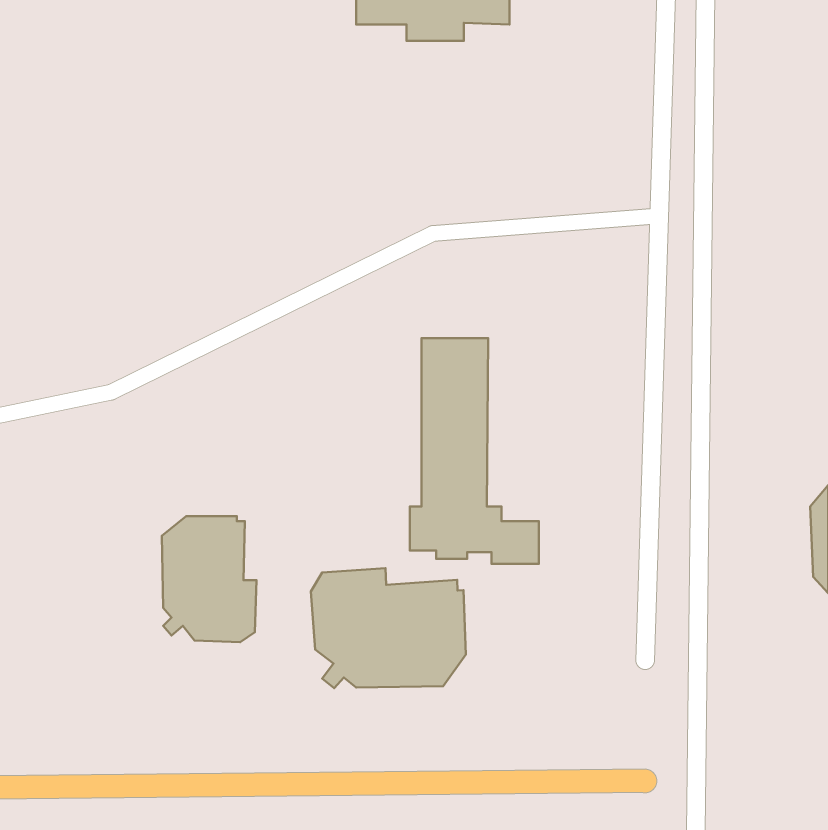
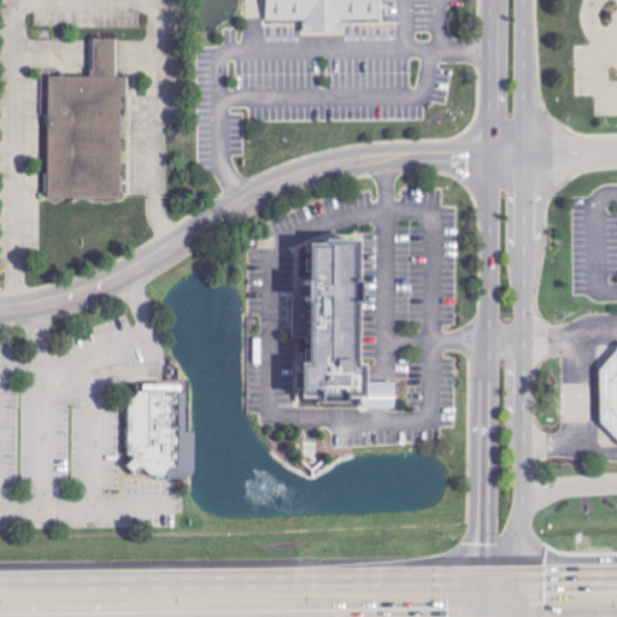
building: none -> [45,37,125,195]
building: [311,568,466,688] -> none

